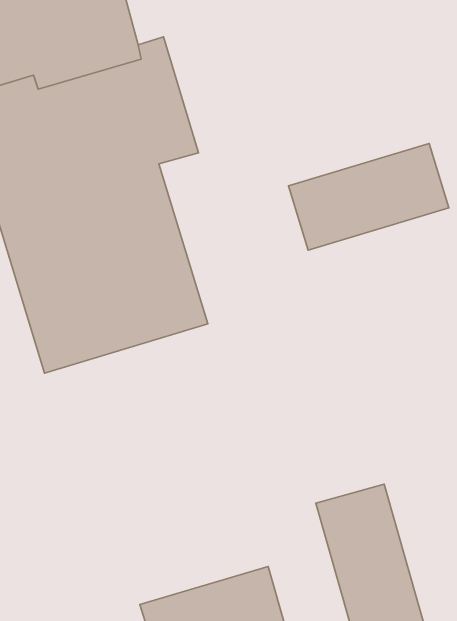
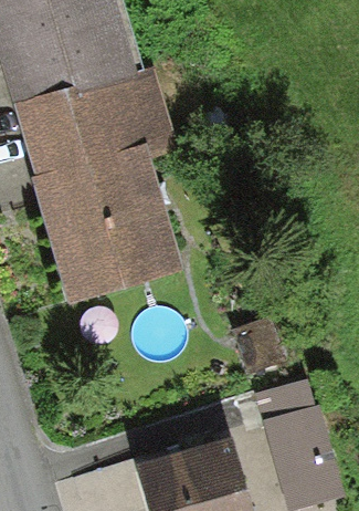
building: [288,143,449,250] -> none

